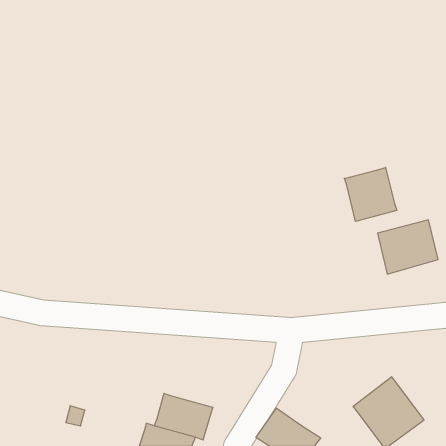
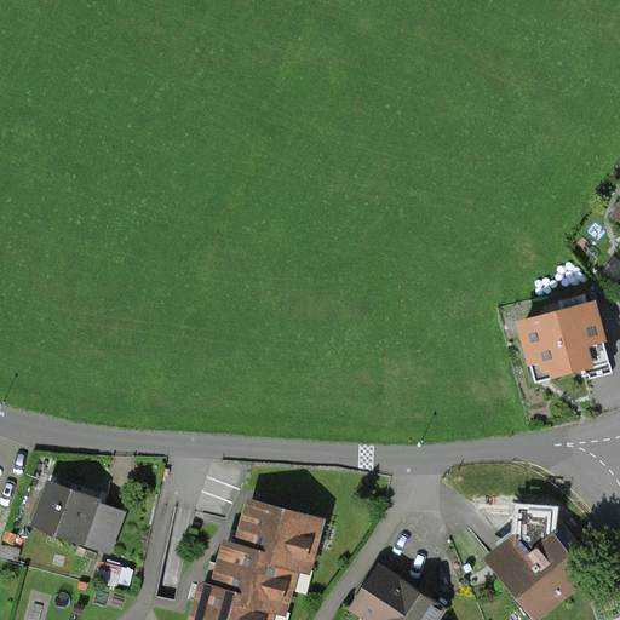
building: [344,167,397,221] -> none
building: none -> [35,482,119,549]
building: none -> [237,500,318,567]

